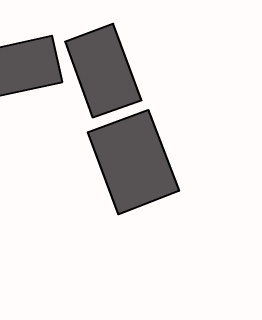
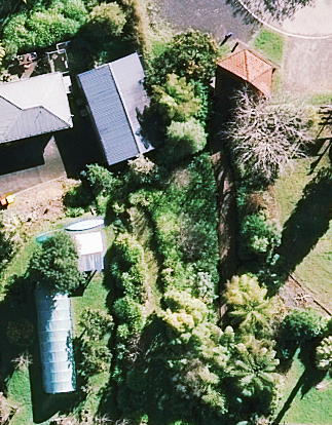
building: [88,110,179,214] -> none

